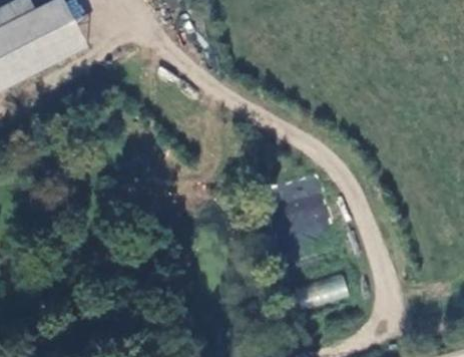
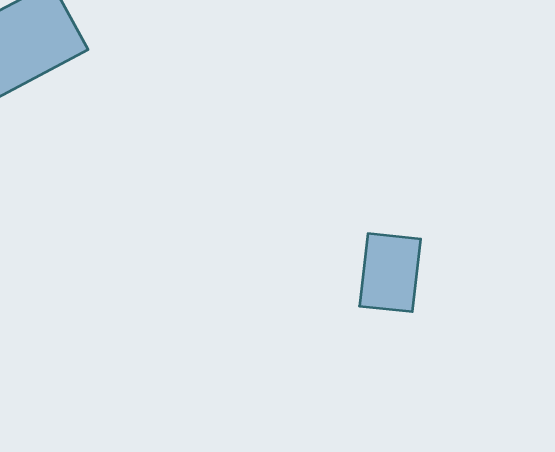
building: [295,273,348,307] -> none

